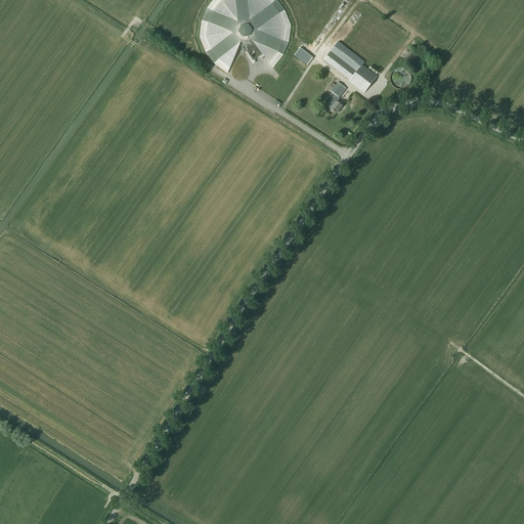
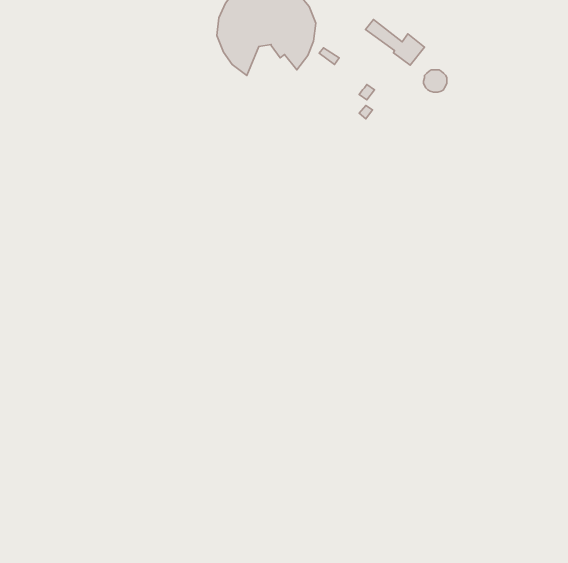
building: [323,47,378,89] -> [366,20,424,65]

